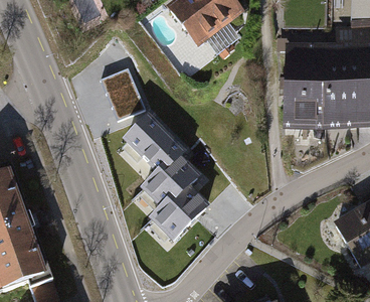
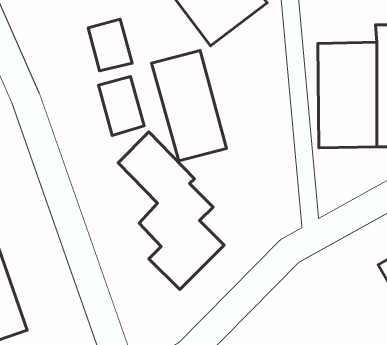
building: none -> [88,19,132,71]
building: none -> [151,51,227,161]

